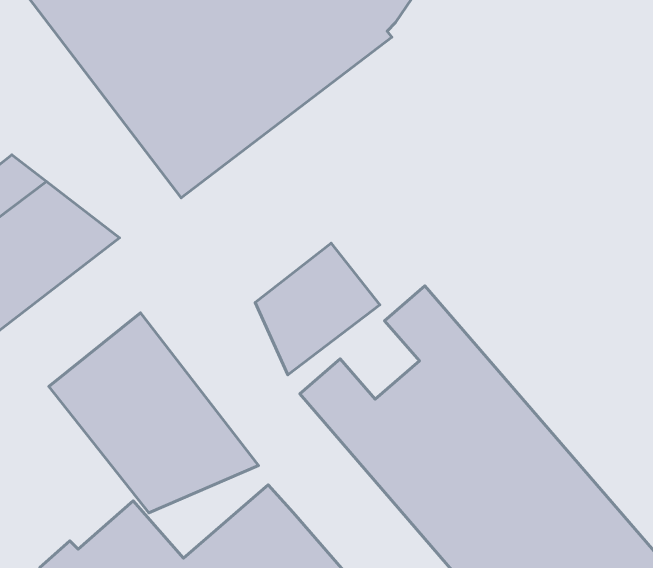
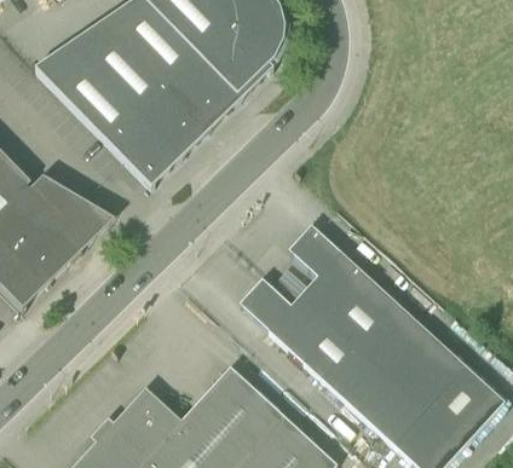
building: [255,243,380,375] -> none
building: [49,313,258,513] -> none

